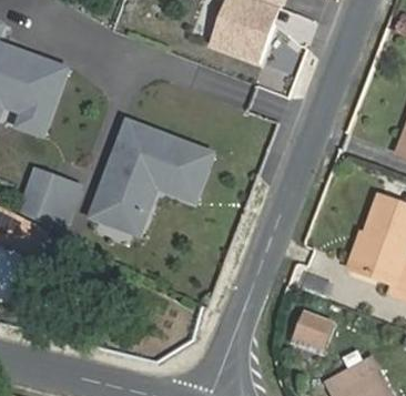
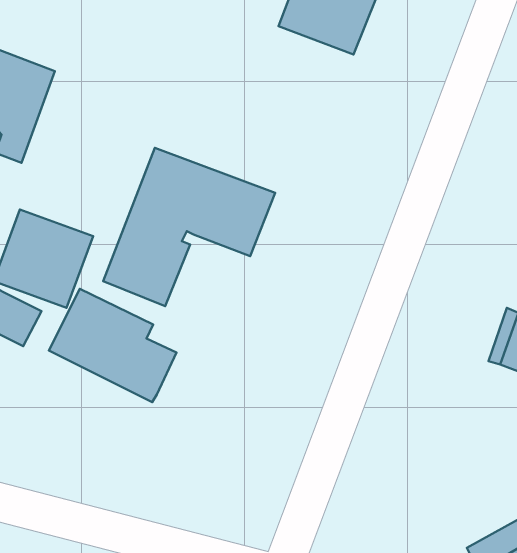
building: none -> [49,289,176,402]
building: [290,307,334,354] -> none

